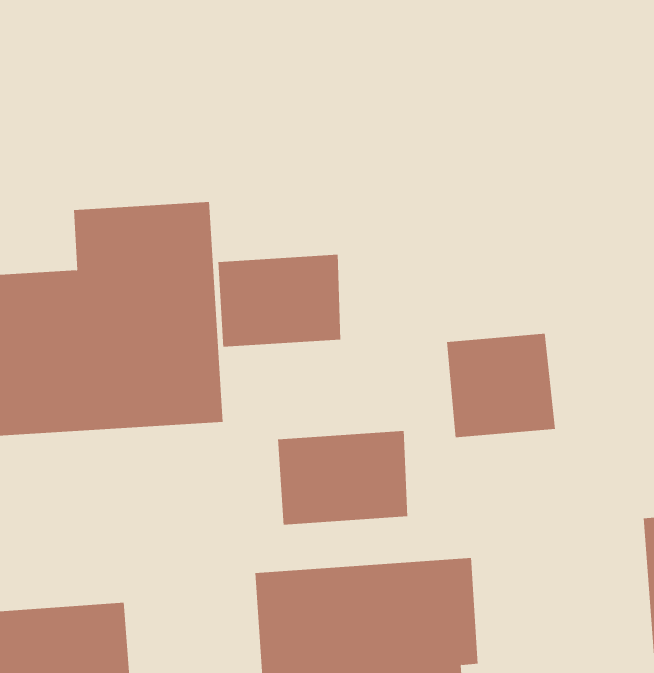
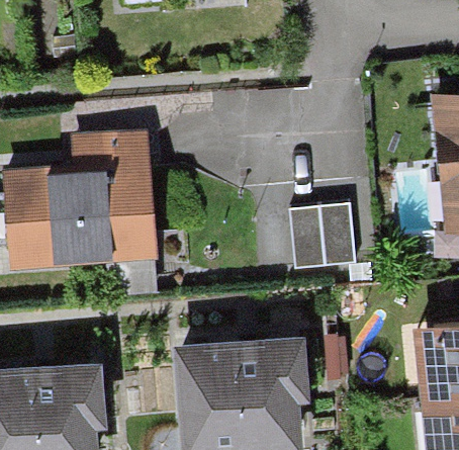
building: [218,254,341,347] -> none
building: [278,430,408,525] -> none

